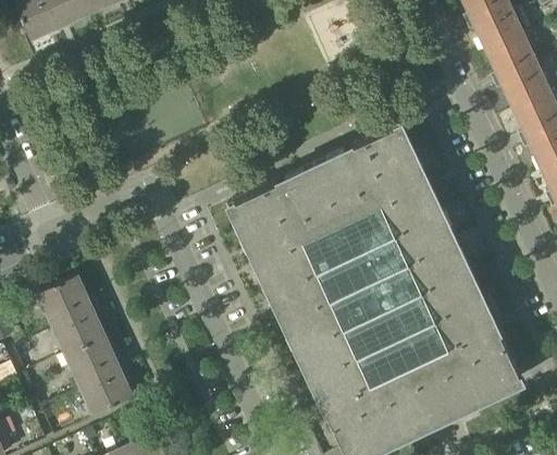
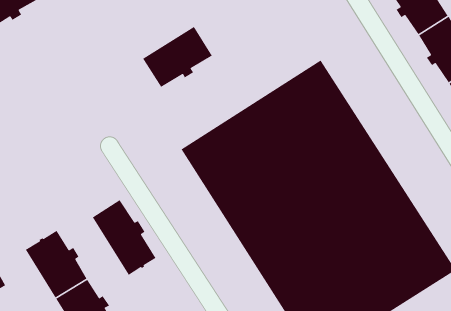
building: none -> [141,23,213,88]
building: none -> [92,199,156,276]

